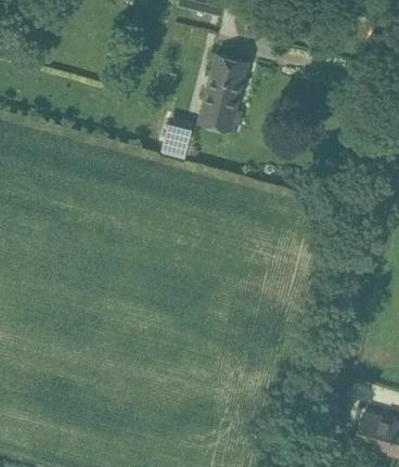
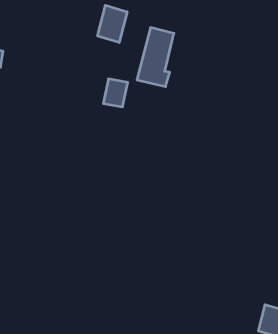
building: none -> [98,5,127,43]

